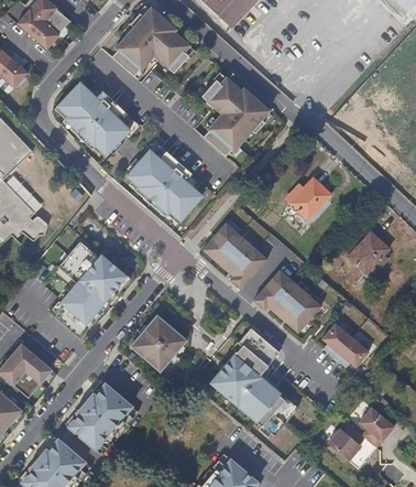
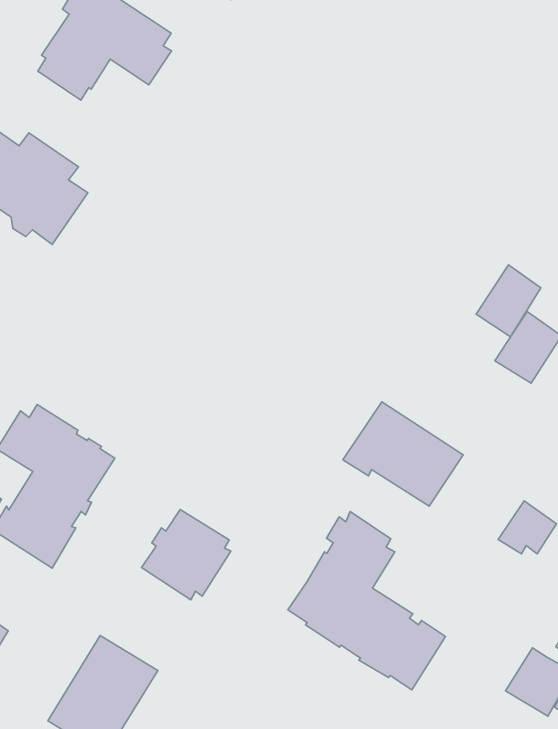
building: [202,76,271,155] -> none
building: [128,149,204,220] -> none
building: [289,178,328,219] -> [476,265,541,337]
building: [204,223,269,289] -> none
building: [324,323,353,357] -> none

